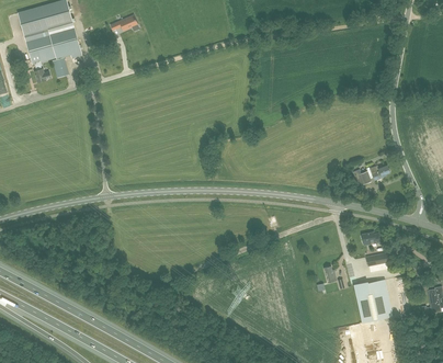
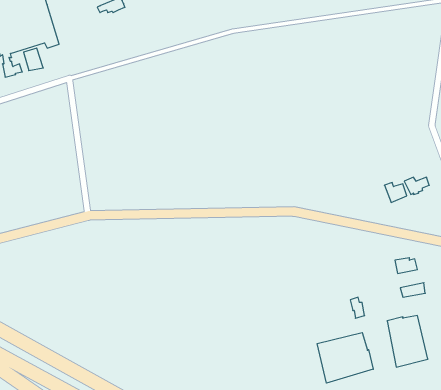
building: none -> [317,333,373,383]

